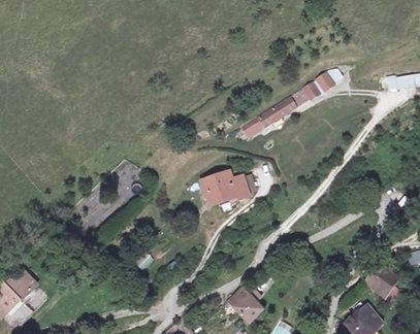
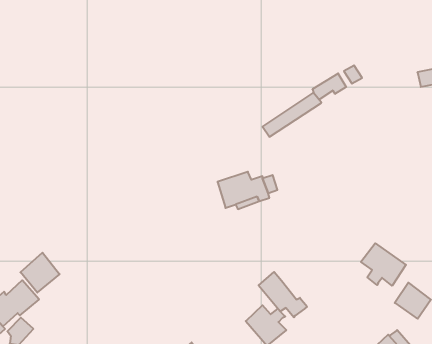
building: none -> [361,243,406,286]
building: none -> [20,253,60,293]
building: none -> [259,272,307,317]

